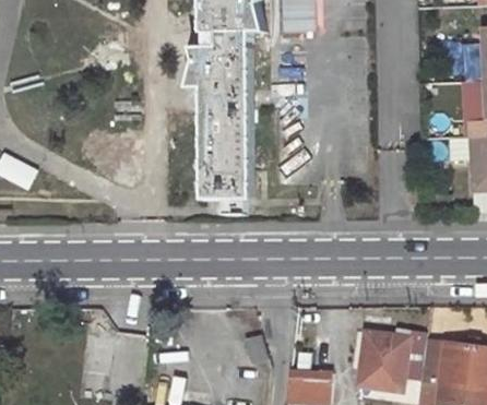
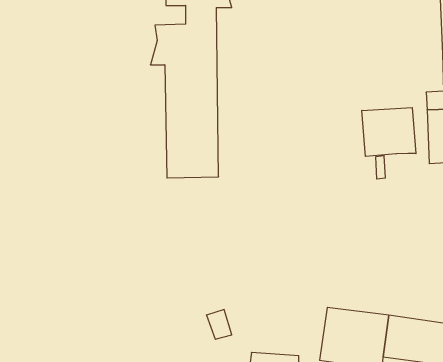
building: none -> [362,108,416,156]

